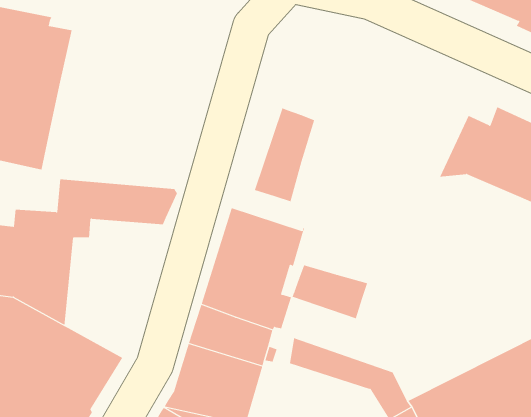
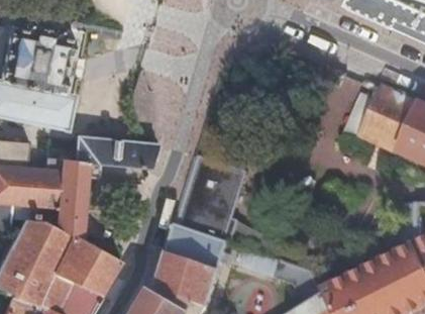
building: [254,107,315,202] -> none
building: [292,264,368,319] -> none

